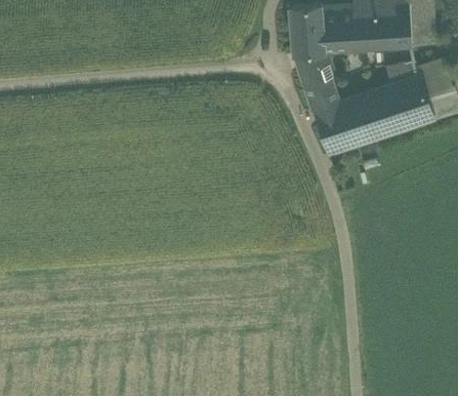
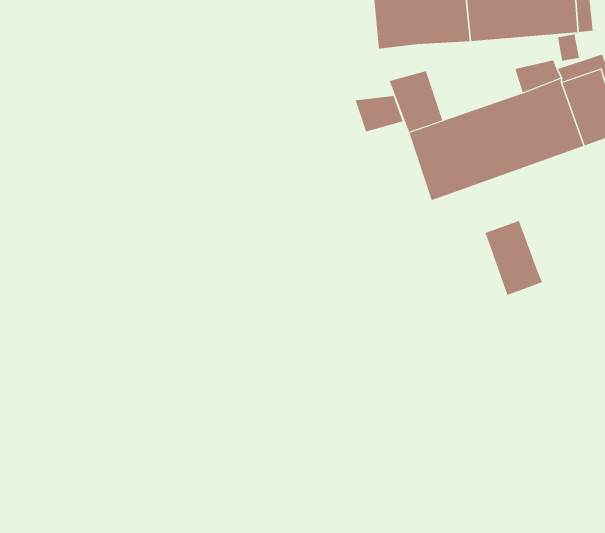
building: [293,50,326,75] -> [355,96,403,132]
building: none -> [485,220,543,296]

